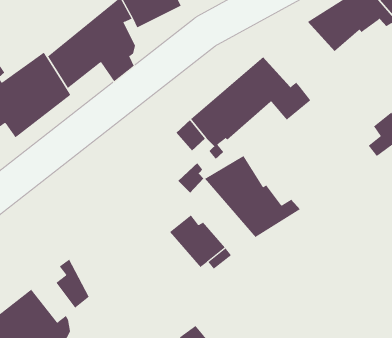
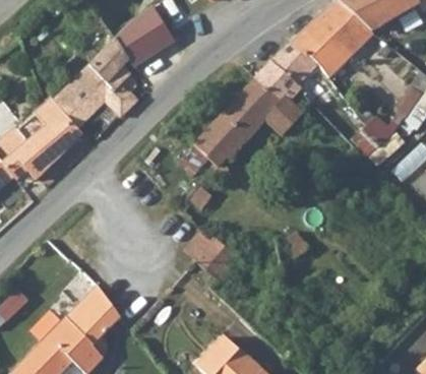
building: none -> [253,42,318,103]
building: [204,155,301,238] -> none
building: none -> [65,293,108,344]

